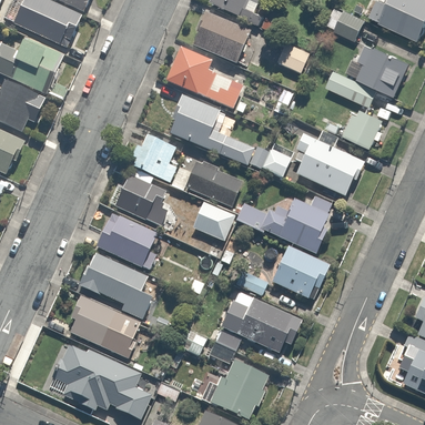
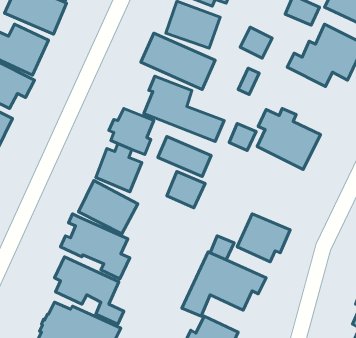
building: [342,107,386,151] -> none
building: [236,193,336,253] -> none

